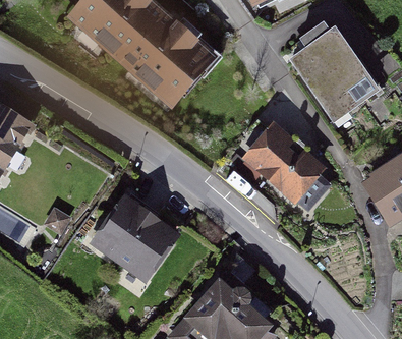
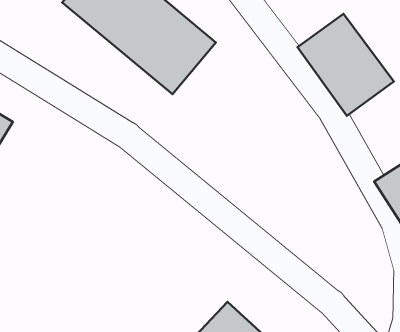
building: [249,126,327,203] -> none
building: [99,201,176,275] -> none

